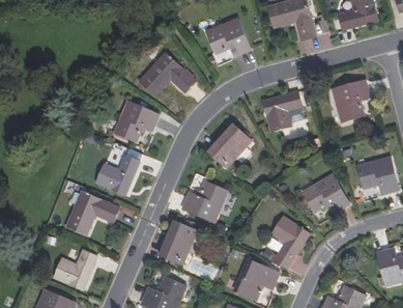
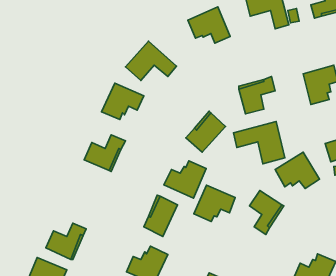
building: none -> [233,121,285,164]
building: [67,190,120,232] -> none
building: [236,258,281,298] -> [194,185,235,221]

